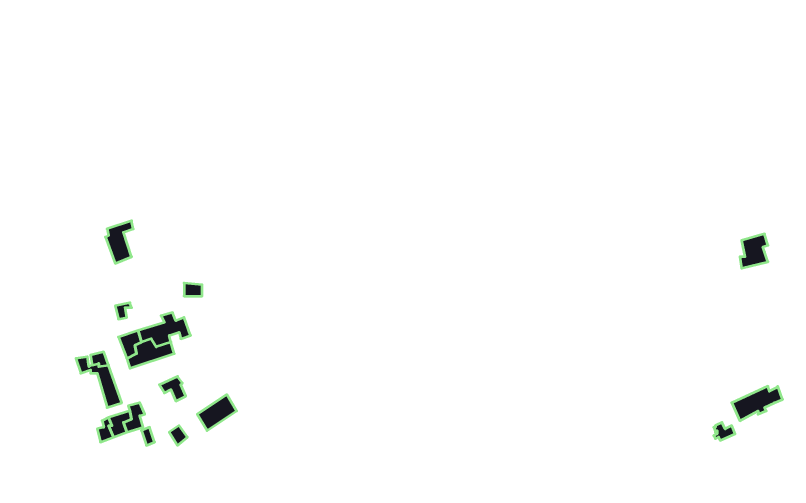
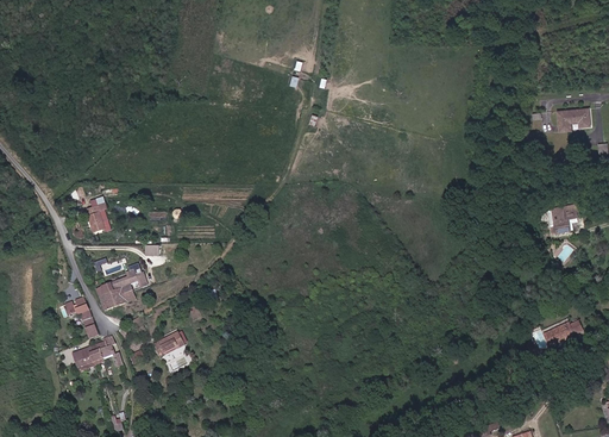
building: none -> [553,112,588,135]

